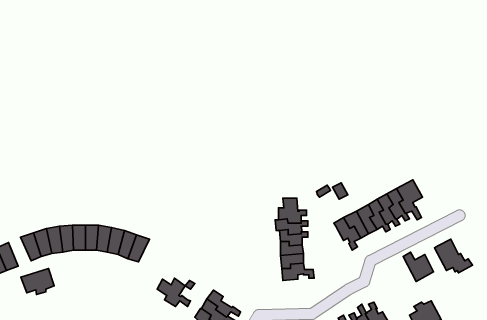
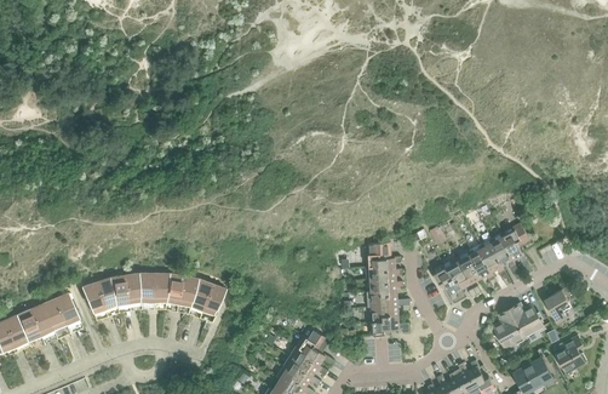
building: none -> [493,309,522,347]
building: [21,269,54,295] -> none
building: [157,278,191,306] -> [296,335,333,366]
building: none -> [555,336,584,373]

